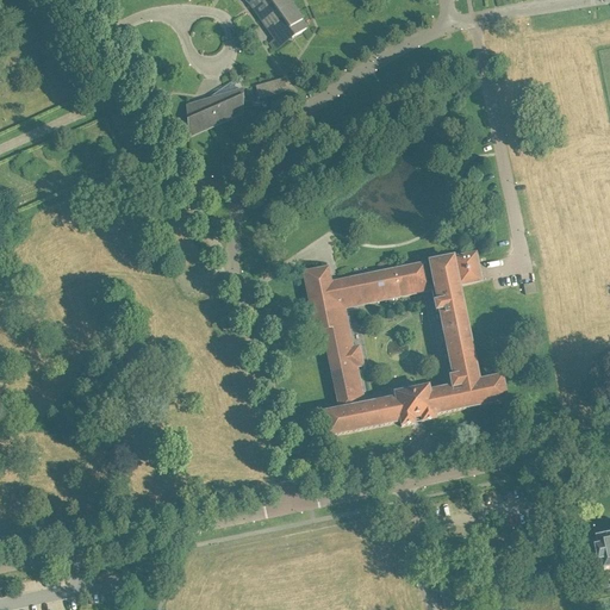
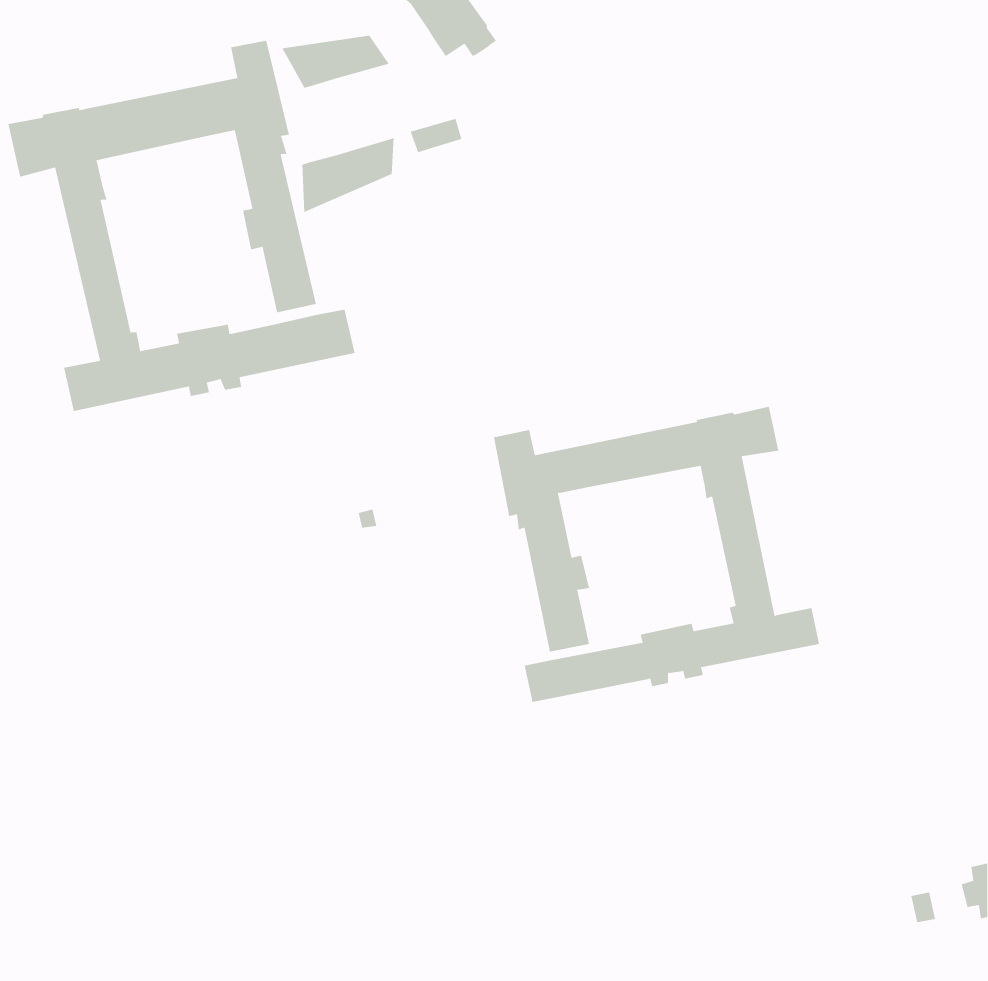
building: none -> [281,35,390,89]
building: none -> [8,40,355,412]

